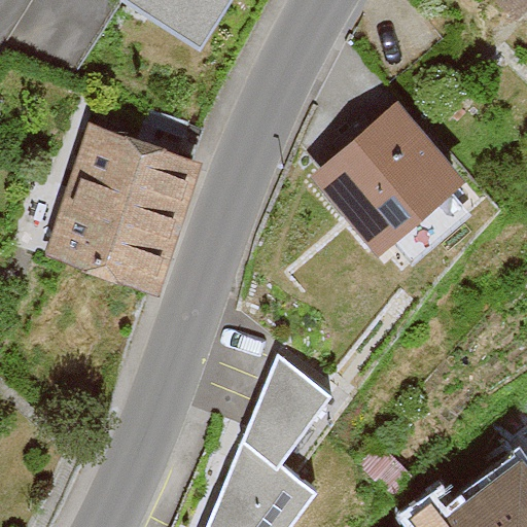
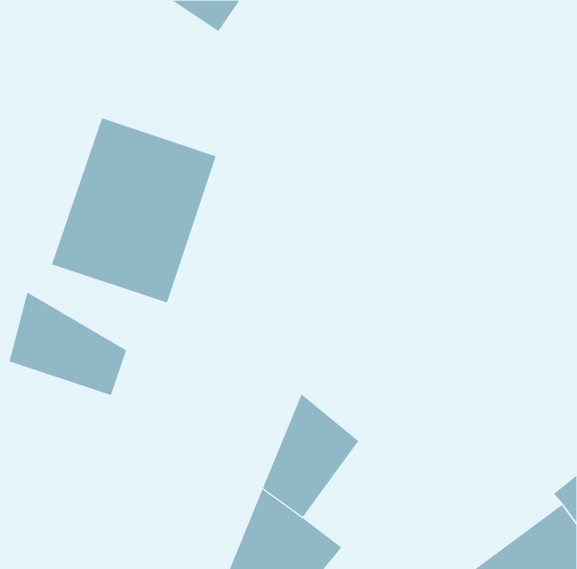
building: [324,103,464,247] -> none
building: none -> [9,292,127,396]

